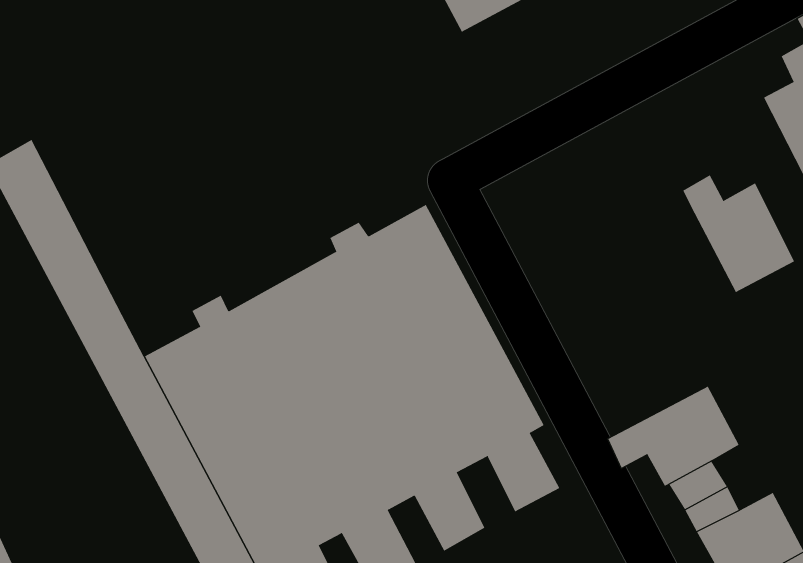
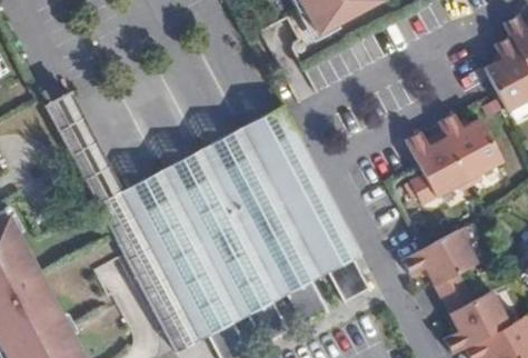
building: none -> [123,103,295,215]
building: none -> [405,130,469,205]

